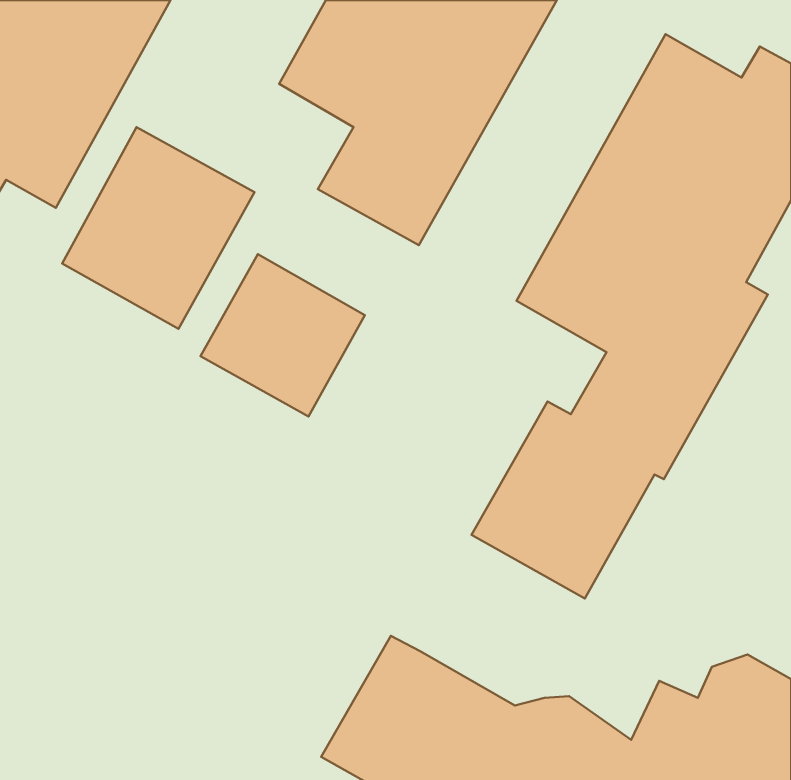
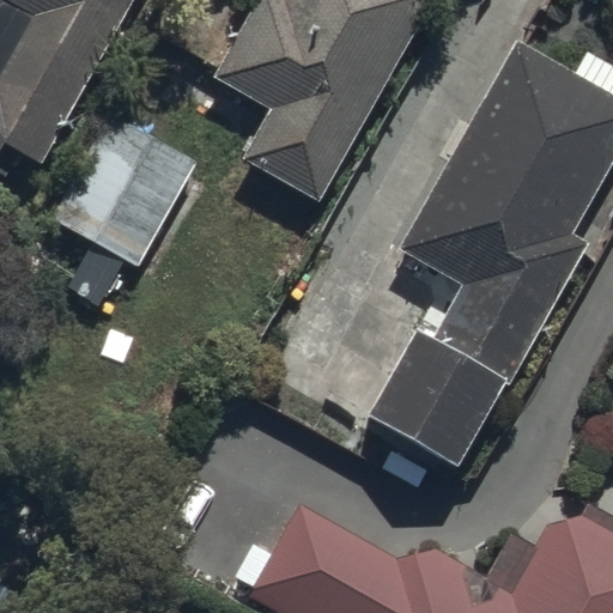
building: [200,254,365,417] -> none

